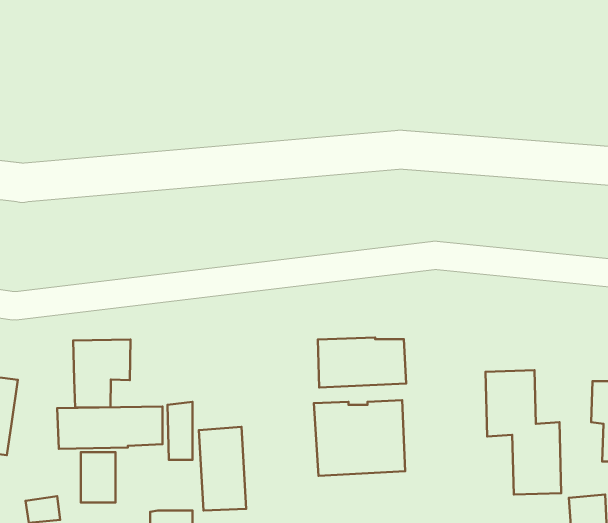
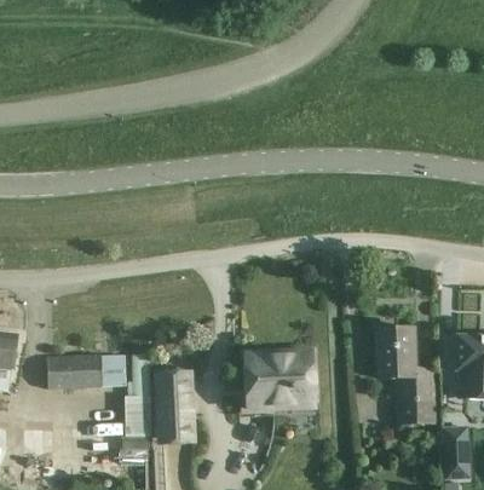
building: [318,337,406,387] -> none
building: [73,340,130,408] -> none
building: [81,452,115,503] -> [123,397,150,436]

